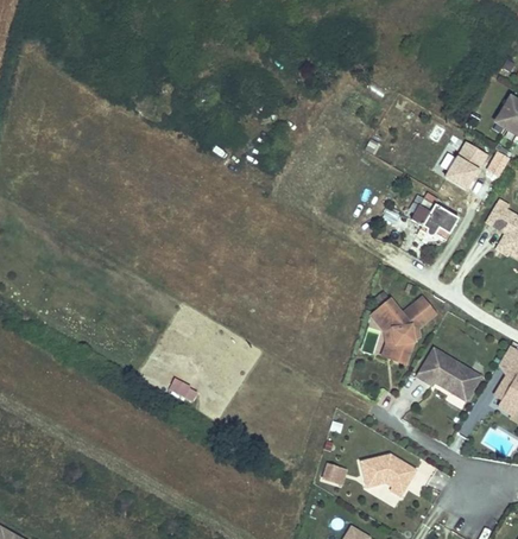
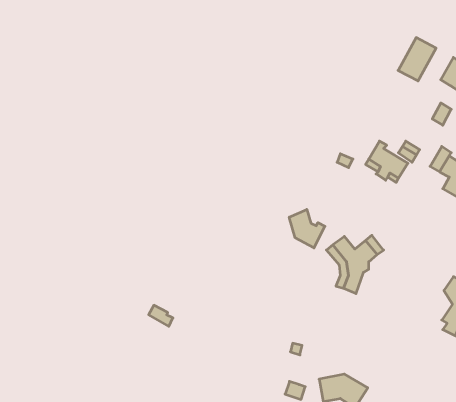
building: [444,141,487,190] -> [398,38,436,81]
building: none -> [289,209,325,248]
building: [416,349,479,401] -> none

